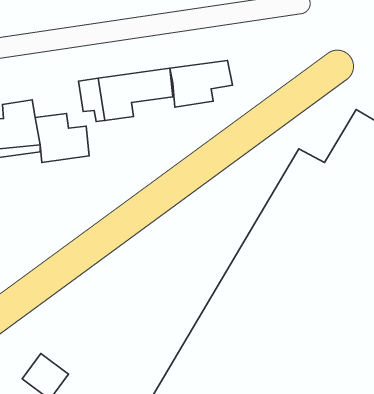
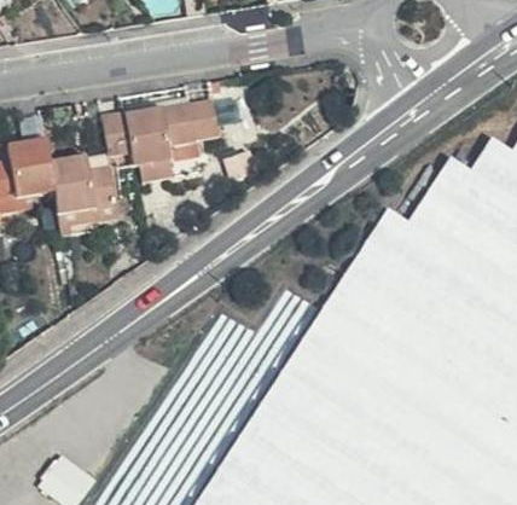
building: [170,60,233,107] -> none

